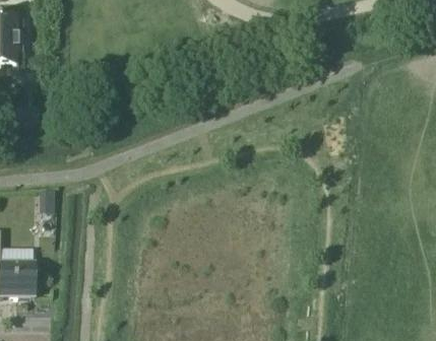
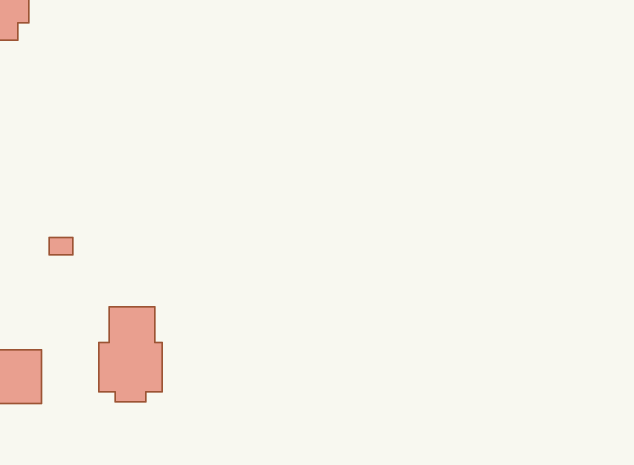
building: none -> [99,307,162,402]

